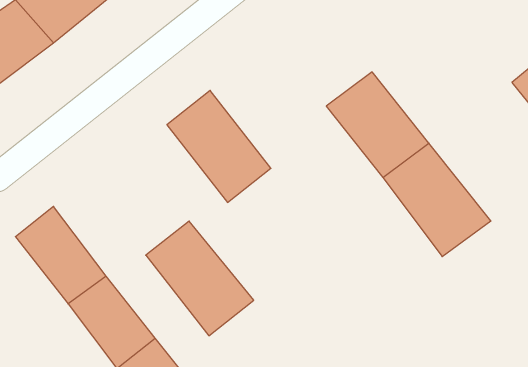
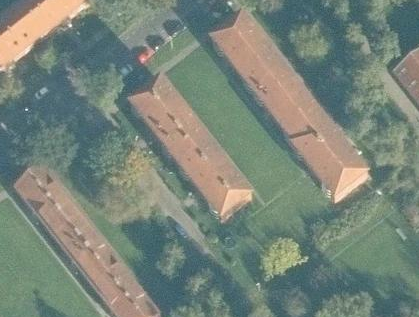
building: none -> [211,10,284,86]
building: [146,221,254,336] -> [174,133,256,220]

